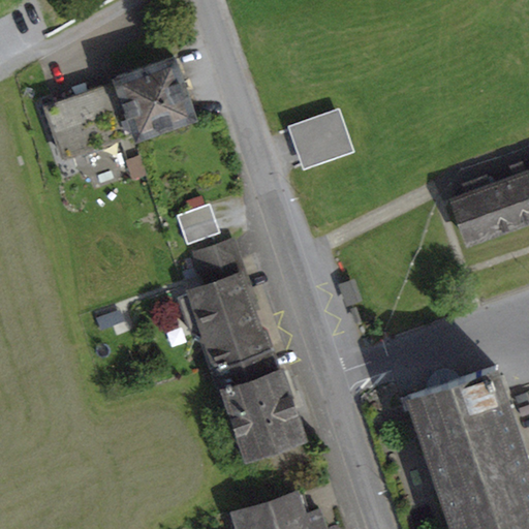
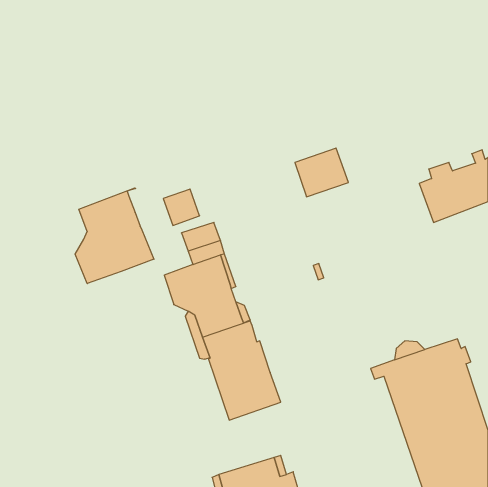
building: [48,58,194,156] -> none
building: [292,113,350,165] -> [295,148,348,197]
building: none -> [75,188,154,284]

